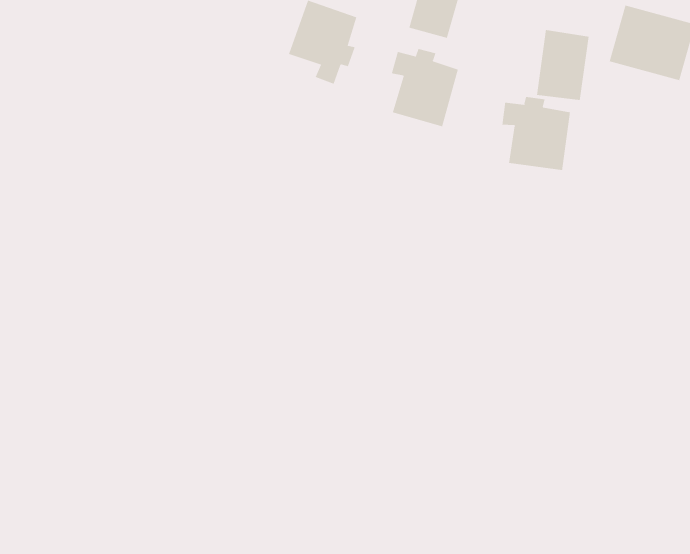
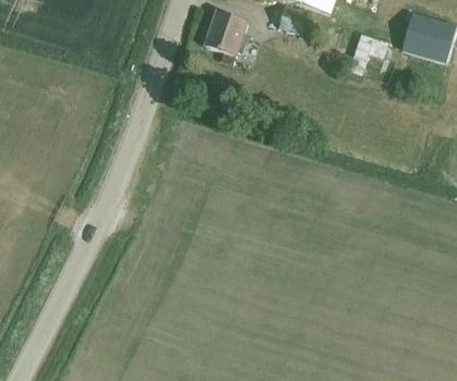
building: [391,48,459,127] -> none
building: [502,96,571,171] -> none

